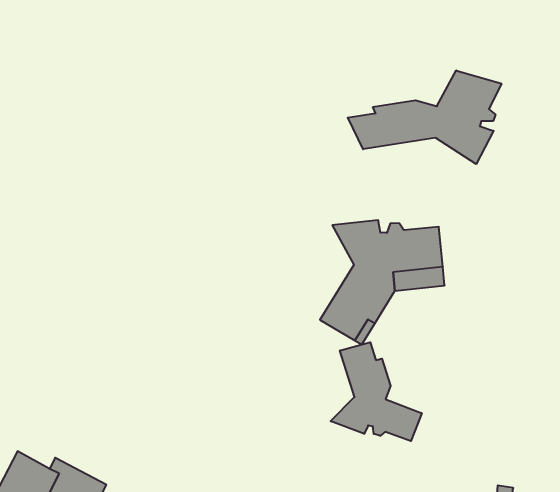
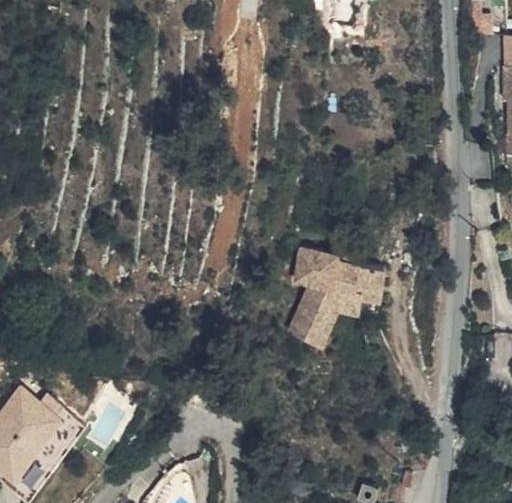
building: [348,70,501,164] -> none
building: [331,342,422,441] -> none

